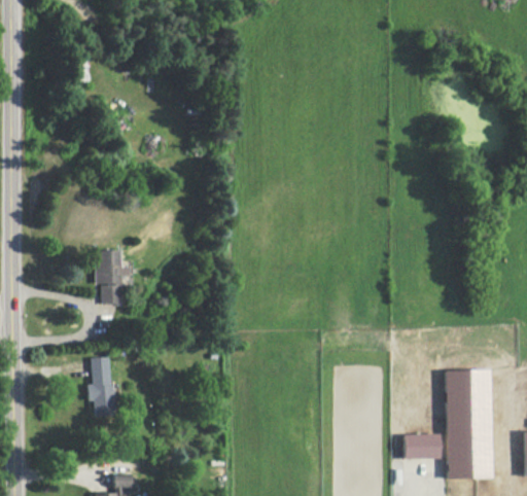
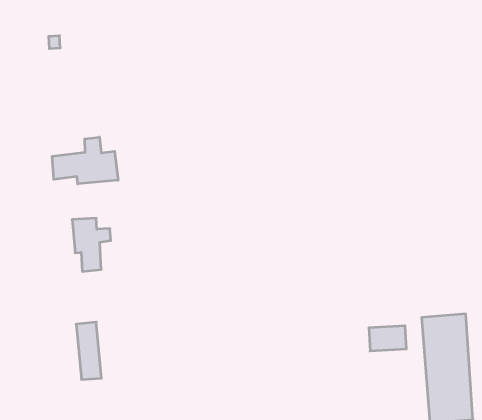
building: none -> [52,137,118,184]
building: [405,434,442,458] -> [369,326,406,351]

